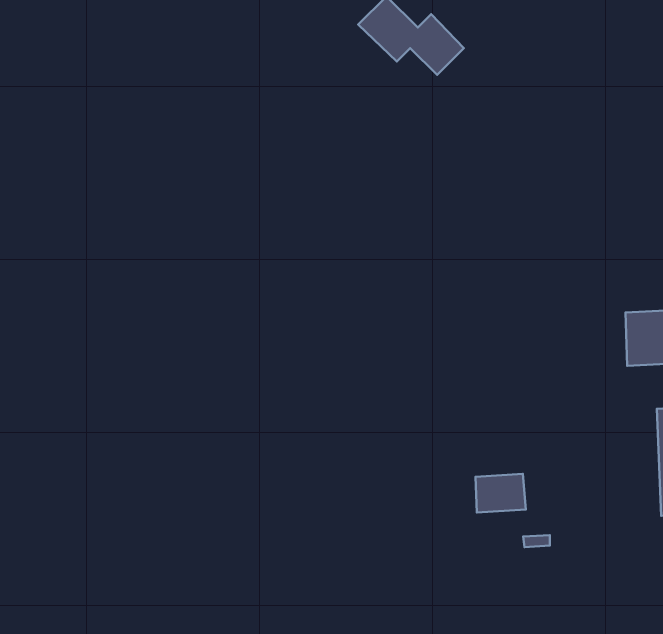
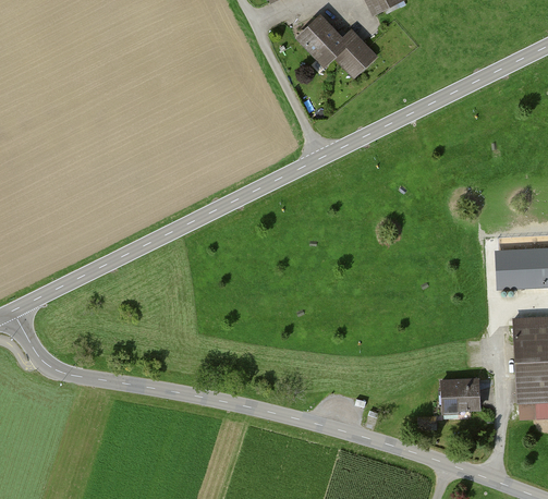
building: [475,474,526,512] -> [443,381,480,410]

